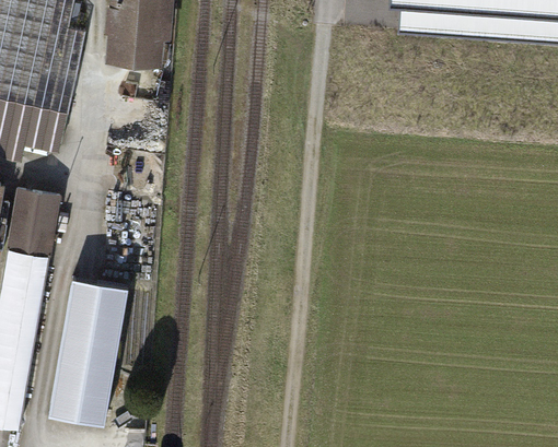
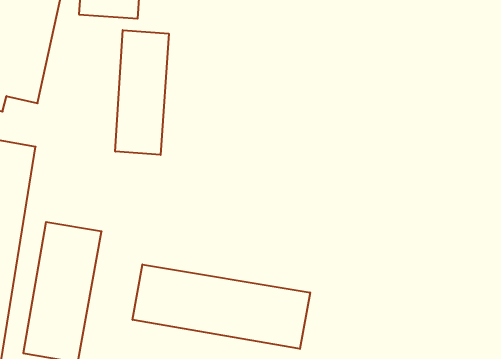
building: none -> [115,30,169,155]
building: none -> [133,264,310,349]

